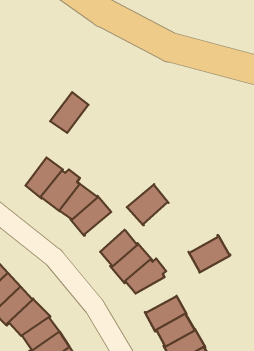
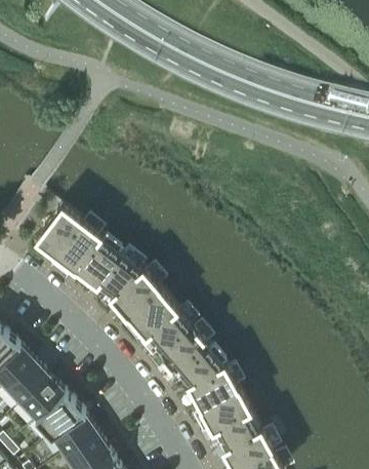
building: [50,92,88,133] -> [37,206,83,256]
building: [127,184,168,225] -> [128,287,178,337]
building: [189,235,230,272] -> [190,364,240,409]

